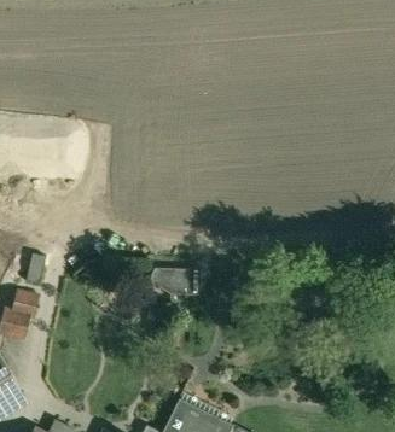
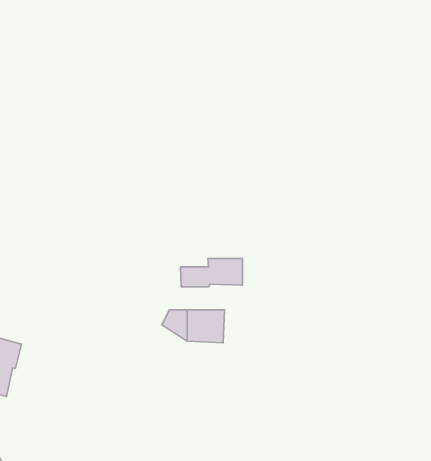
building: none -> [181,259,242,287]

